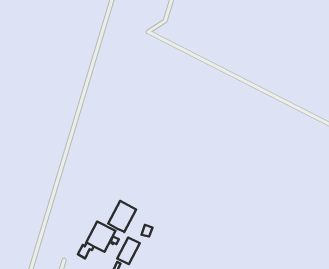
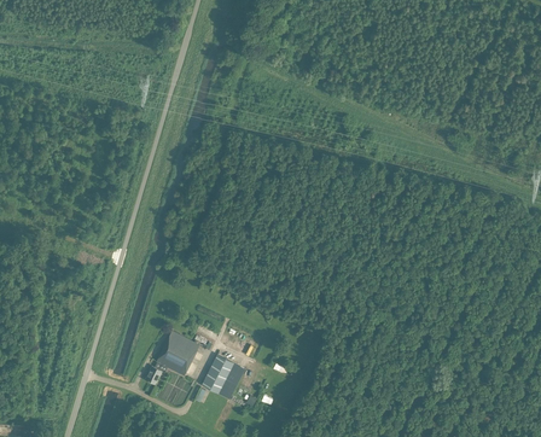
building: [108,201,136,232] -> none

